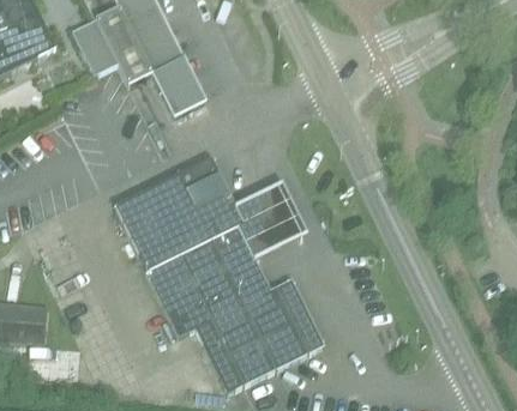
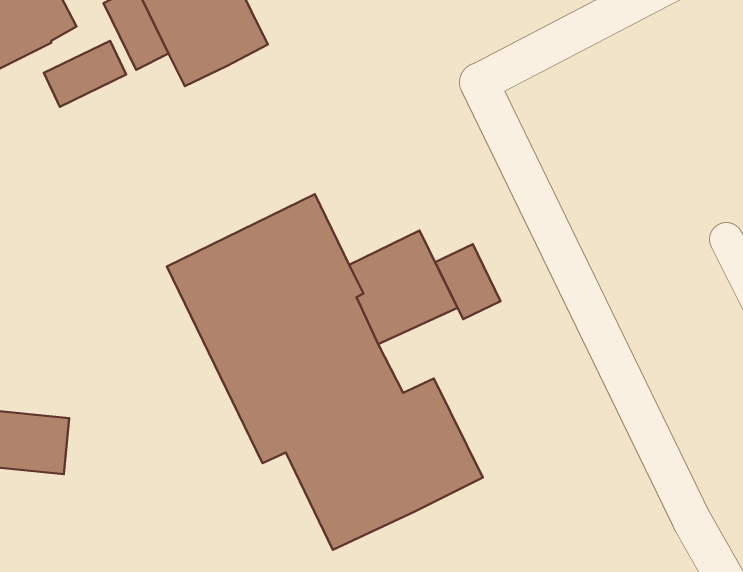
building: none -> [44,41,126,107]
building: [154,58,202,113] -> none
building: none -> [435,244,501,319]

